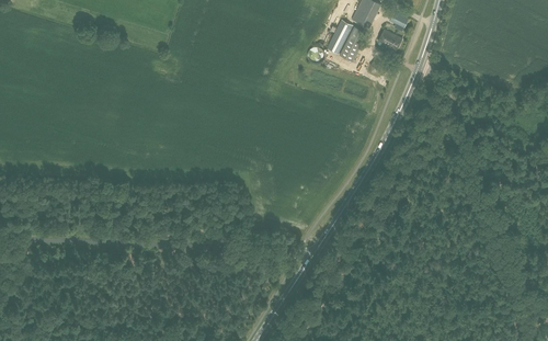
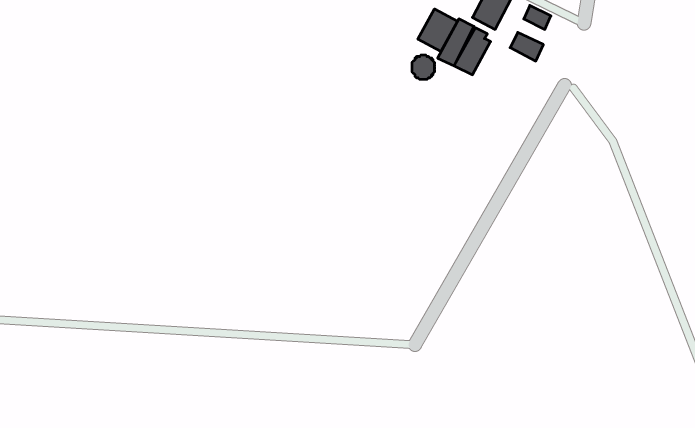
building: none -> [418,9,458,52]

